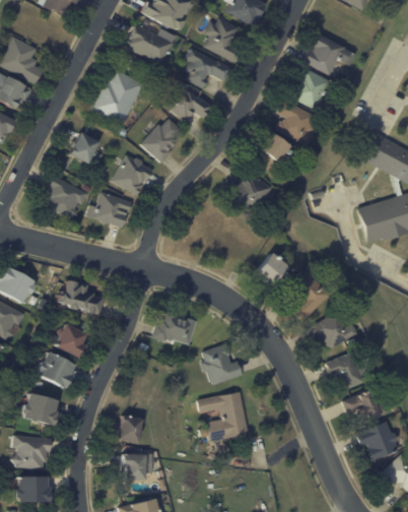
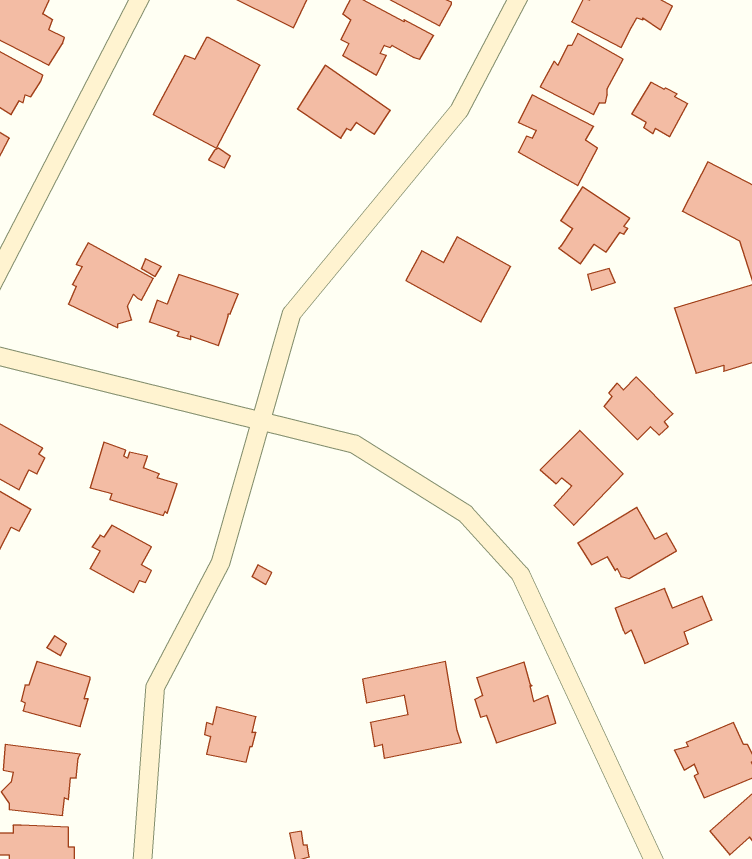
building: none -> [632,82,688,137]
building: [141,119,181,164] -> none
building: [258,130,294,170] -> [559,187,630,264]
building: [71,132,101,164] -> none
building: [112,156,153,198] -> none
building: none -> [604,377,673,440]
building: [253,253,289,289] -> none
building: [152,309,198,343] -> none
building: [201,342,243,384] -> [475,662,556,743]
building: [36,350,74,387] -> none
building: [342,390,387,423] -> none
building: [122,453,151,478] -> none

